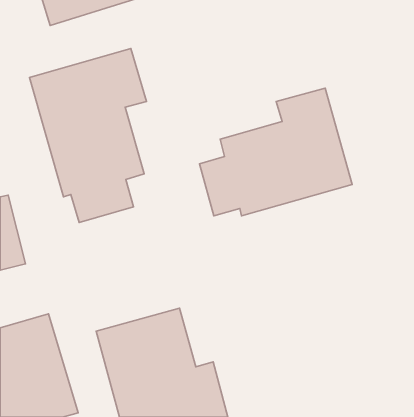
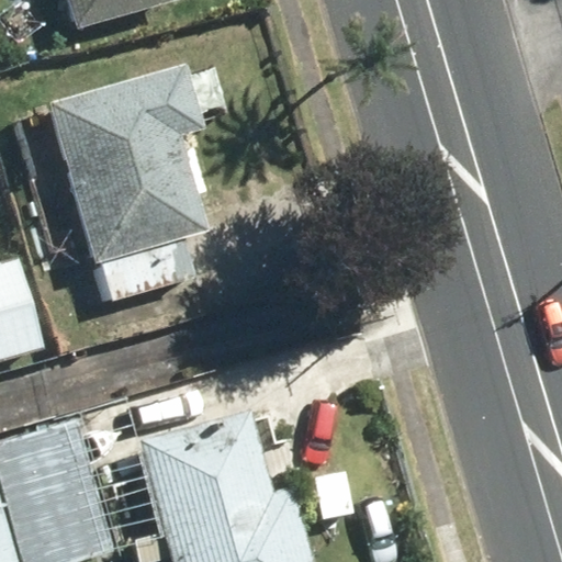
building: [199,88,352,216] -> none

